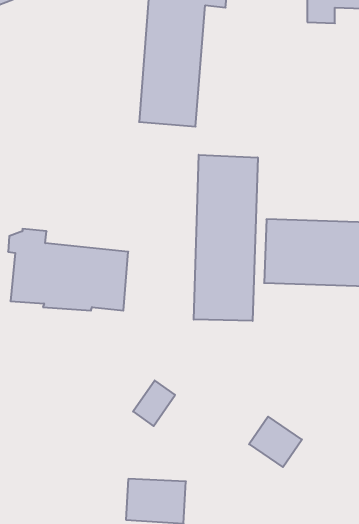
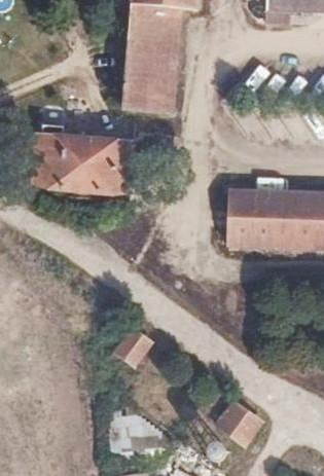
building: [194,155,258,321] -> none
building: [8,229,128,311] -> [31,123,134,193]
building: [249,417,302,467] -> [217,403,262,446]

